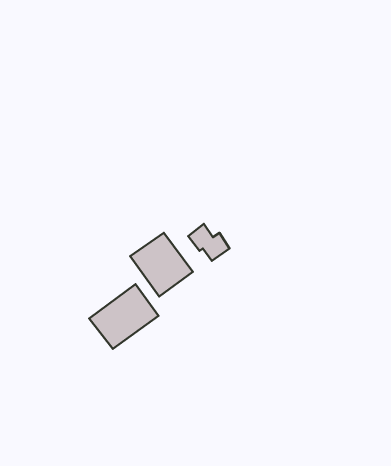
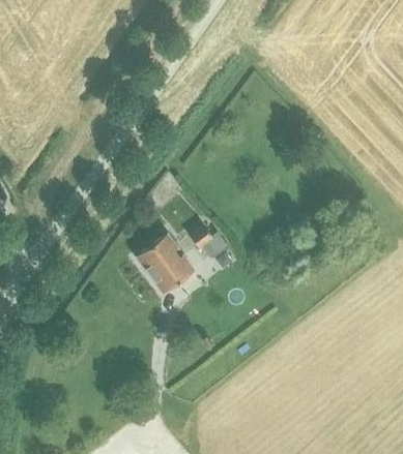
building: [89,284,159,349] -> none

